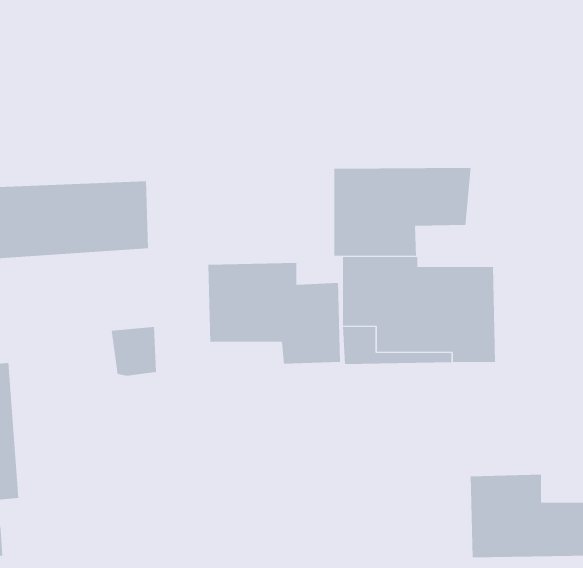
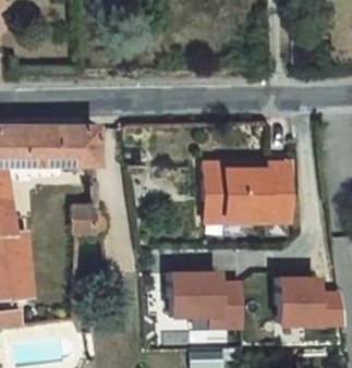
building: [334,167,471,257] -> none
building: [207,262,341,364] -> [173,272,246,328]

